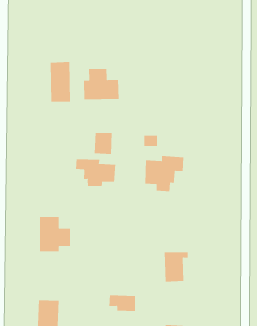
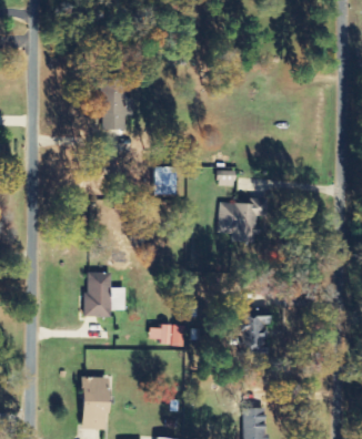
building: [84,68,119,100] -> none
building: [76,158,116,187] -> none
building: [108,295,136,312] -> [149,325,183,346]

